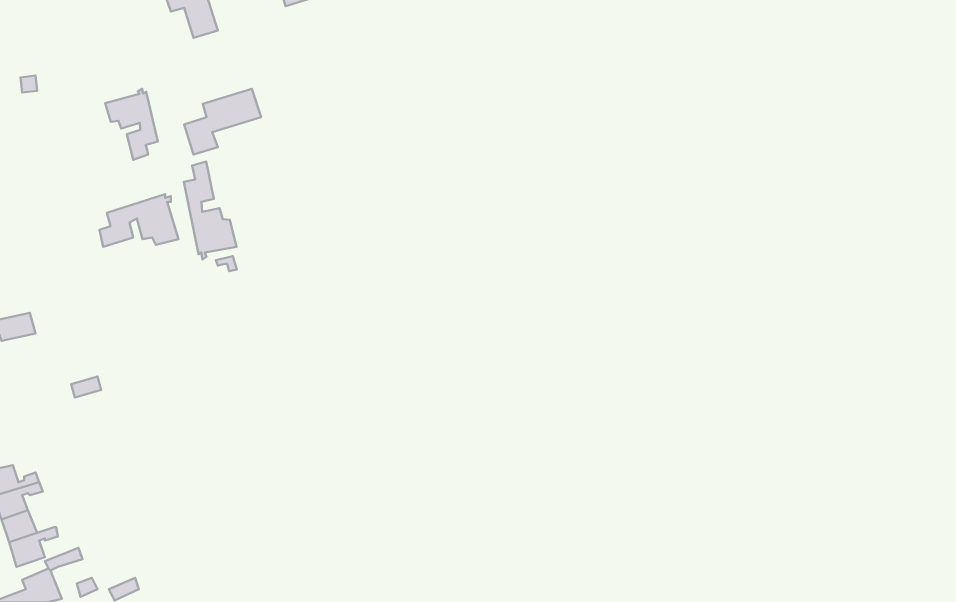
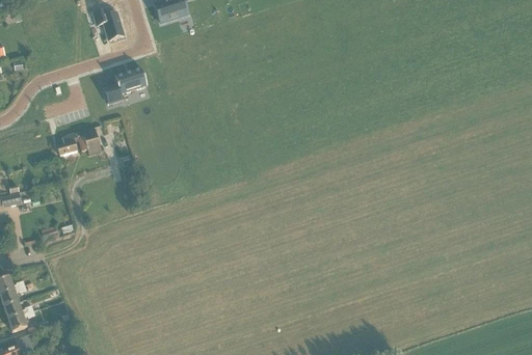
building: [105,89,158,160] -> none
building: [184,162,237,259] -> none

